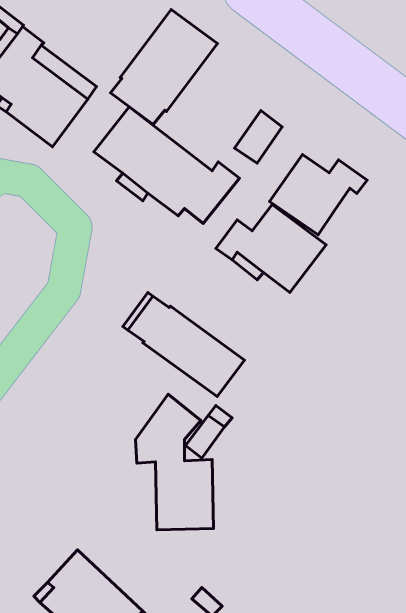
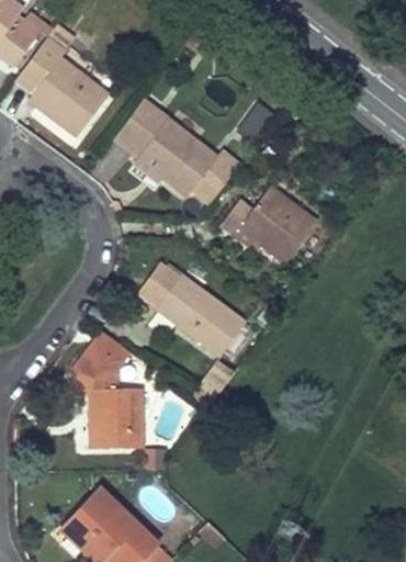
building: [110,10,218,125] -> none
building: [270,155,367,235] -> none
building: [135,394,213,530] -> [74,330,142,449]

